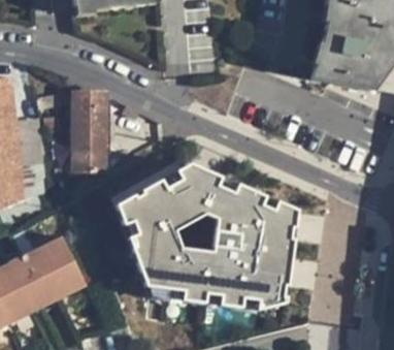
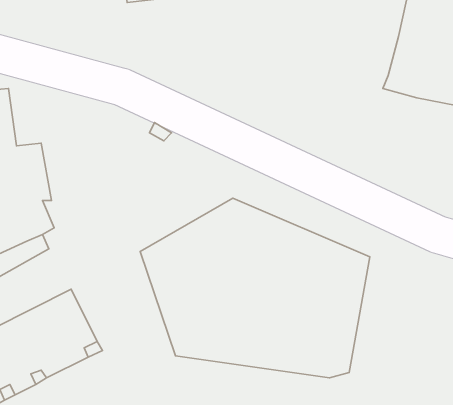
building: [73,93,104,168] -> none

